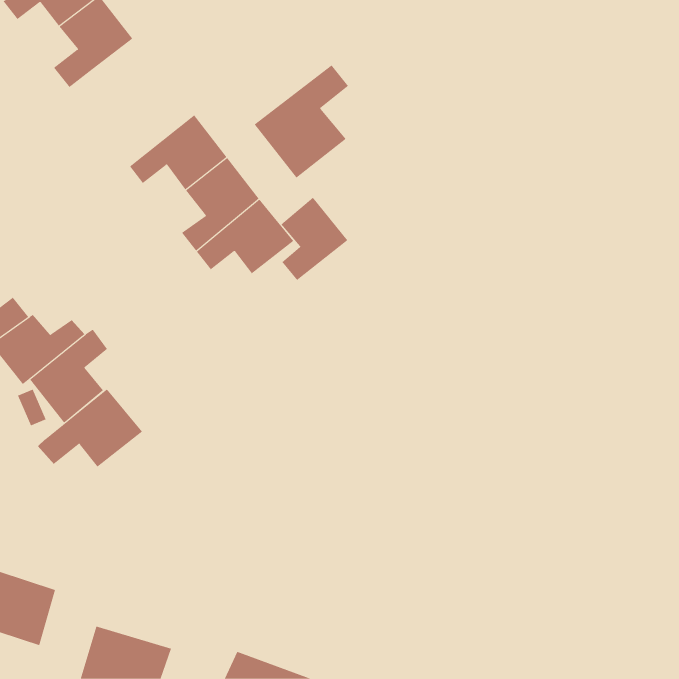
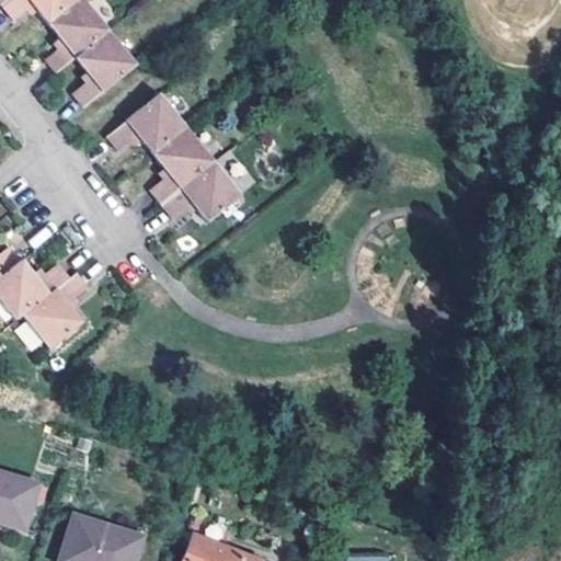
building: none -> [71,32,137,107]
building: [254,64,349,178] -> none
building: [281,197,348,281] -> none
building: [37,389,143,467] -> none

